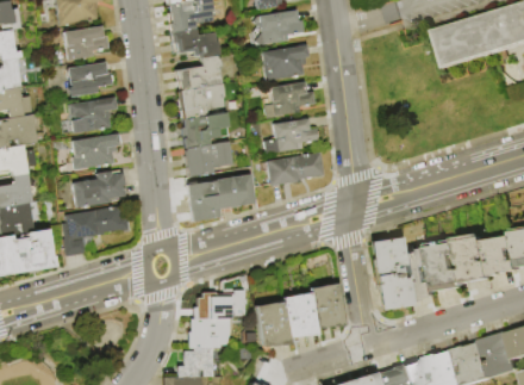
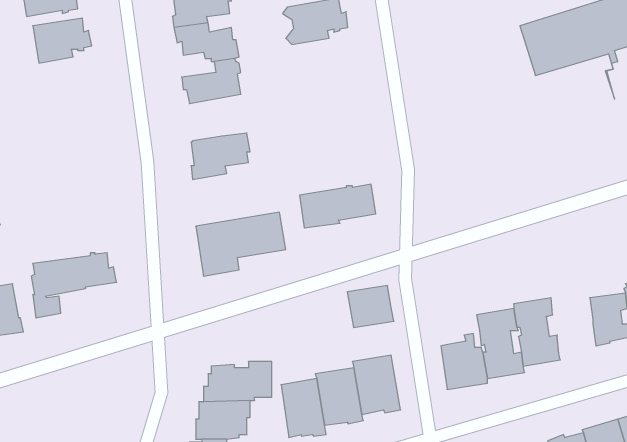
building: [261,45,308,81] -> none
building: [66,61,111,95] -> none
building: [264,82,316,119] -> none
building: [177,83,225,119] -> none
building: [67,95,114,131] -> none
building: [264,118,319,154] -> none
building: [70,131,119,168] -> none
building: [185,142,232,178] -> none
building: [70,169,123,207] -> none
building: [458,234,495,282] -> none
building: [369,237,405,269] -> [347,286,394,328]

